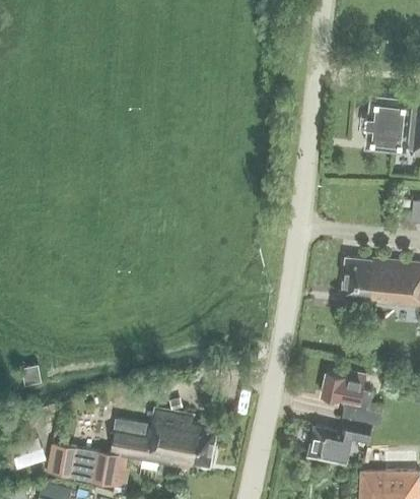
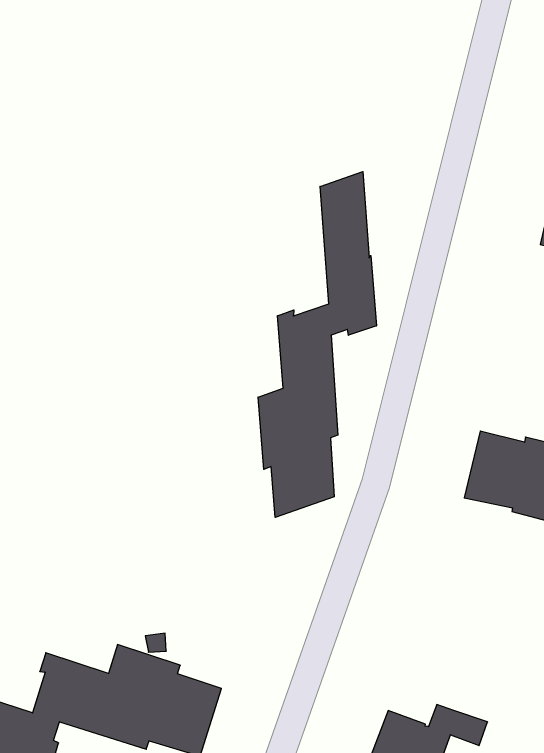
building: none -> [258,172,376,517]
building: [321,373,383,428] -> none

